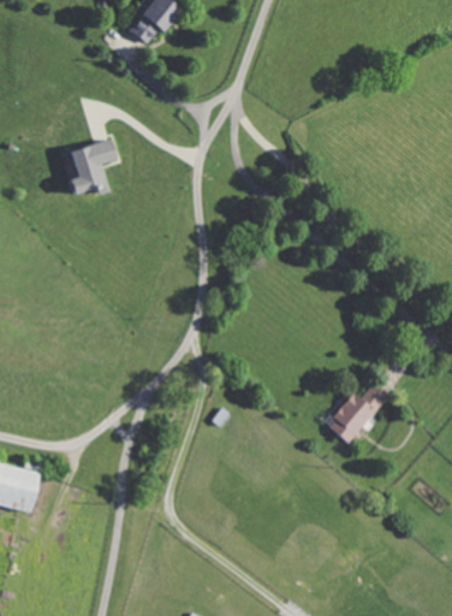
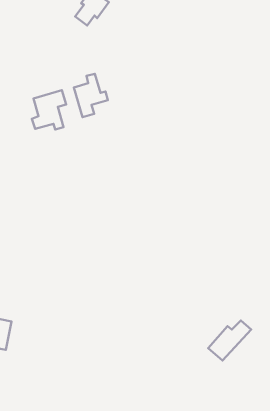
building: none -> [74,74,108,117]
building: [327,384,388,442] -> [208,320,251,361]

